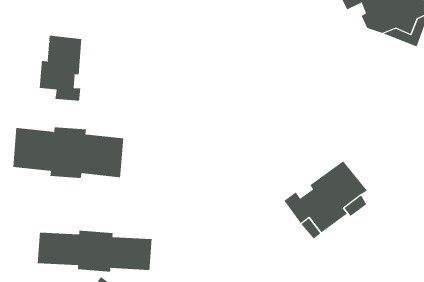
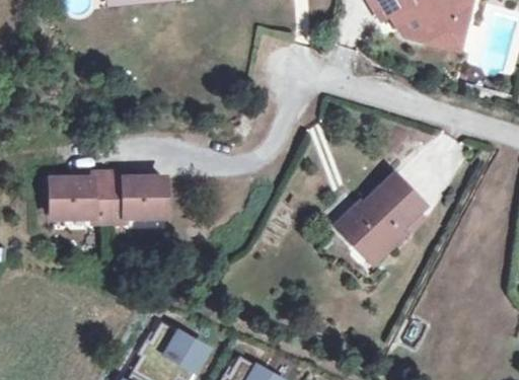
building: [39,35,82,101] -> none
building: [37,230,152,272] -> none

